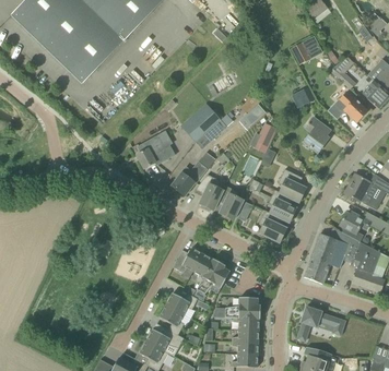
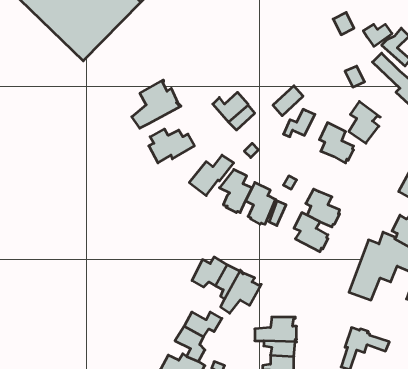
building: none -> [132,80,181,128]
building: [278,168,306,202] -> [319,123,354,163]

